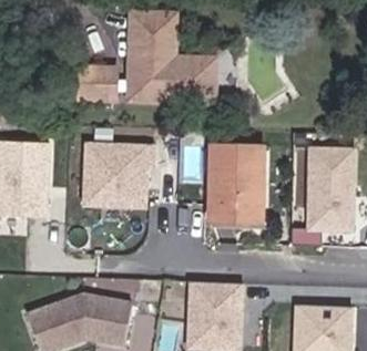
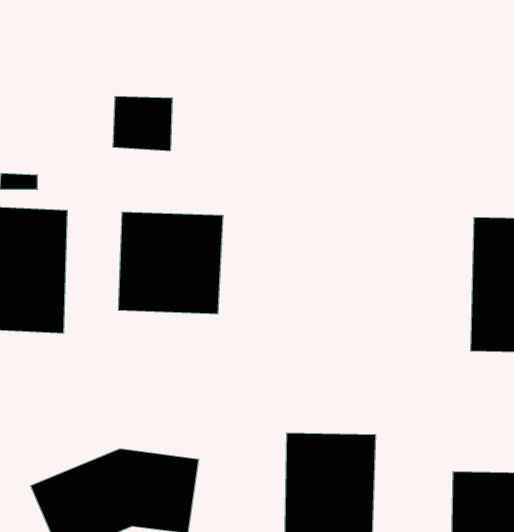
building: [126,13,214,104] -> none
building: [215,153,274,229] -> none

